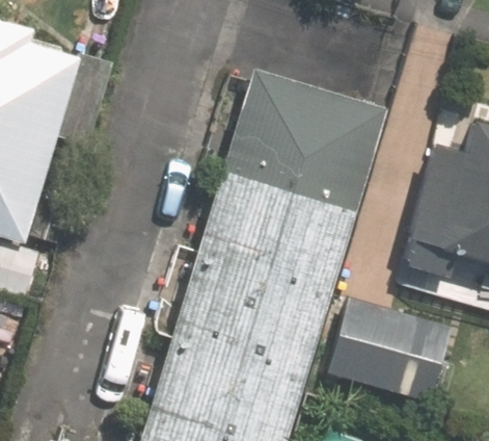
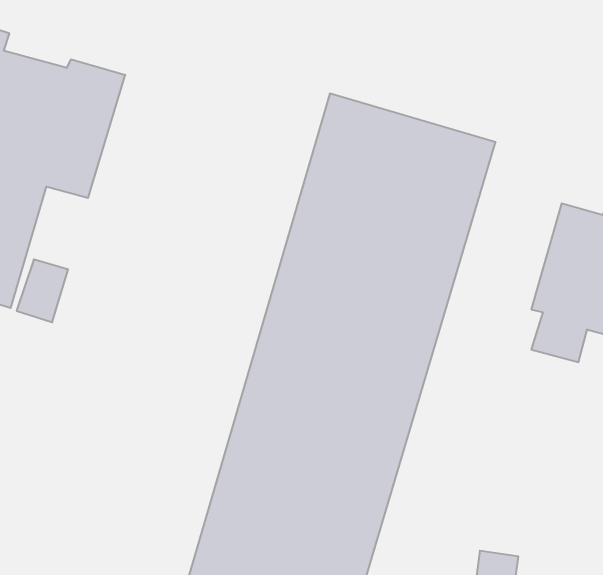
building: [328,295,441,398] -> none

